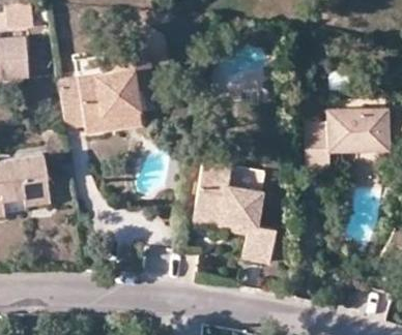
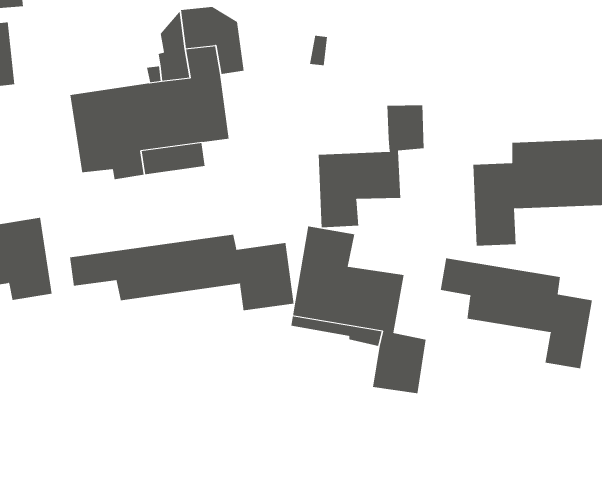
building: none -> [318,104,424,228]
building: none -> [69,234,294,311]
building: none -> [440,257,592,369]

